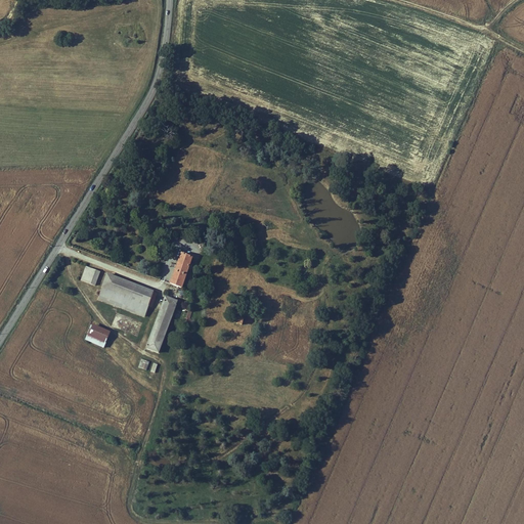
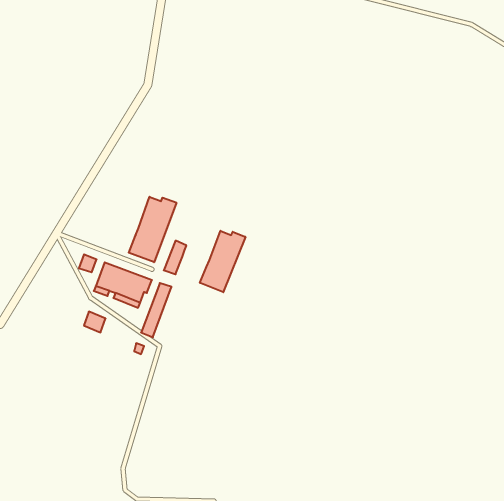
building: none -> [129,197,176,262]
building: none -> [200,231,245,292]

